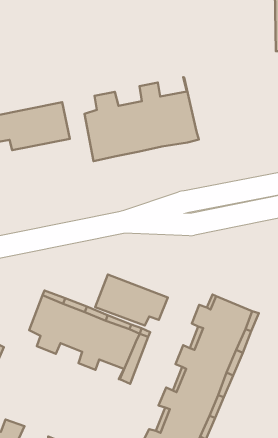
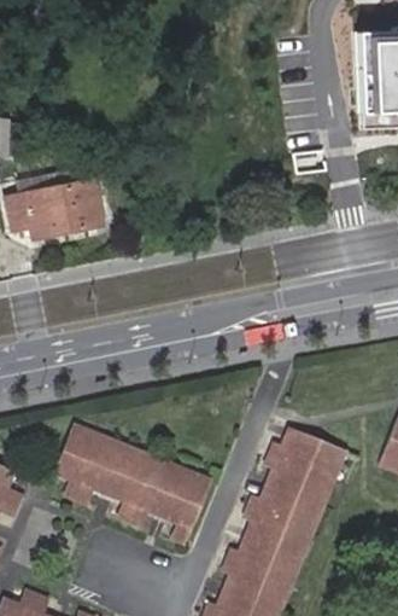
building: [85,77,199,161] -> none
building: [95,275,168,326] -> none

